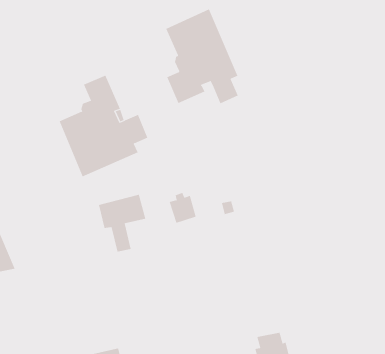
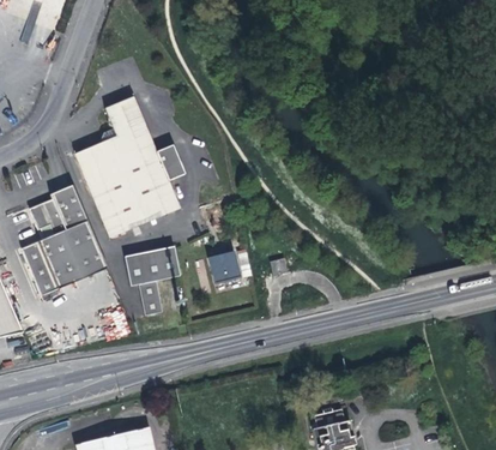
building: [166,8,239,104] -> none
building: none -> [19,184,107,295]
building: none -> [103,191,179,236]

